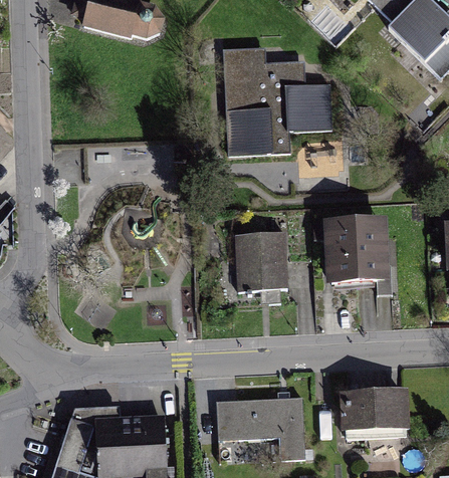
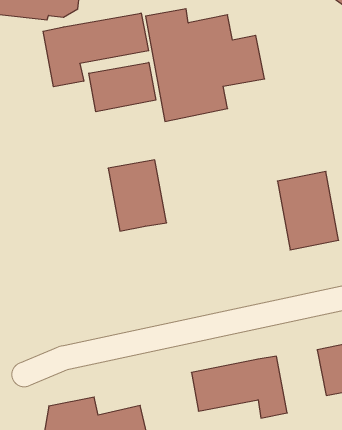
building: none -> [43,13,149,87]
building: none -> [89,62,156,112]
building: [236,235,284,298] -> [108,160,167,231]

